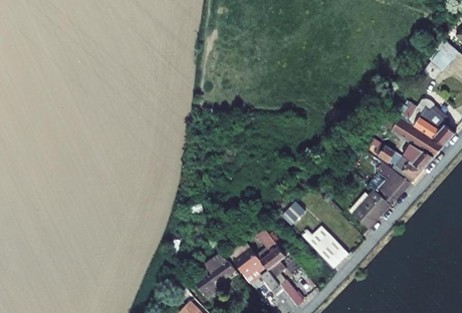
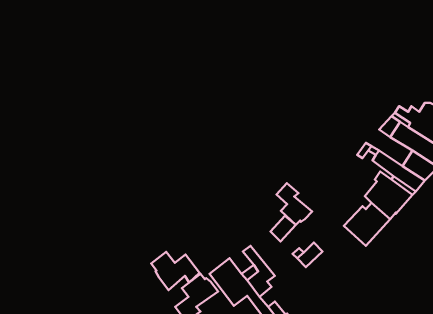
building: none -> [276,183,312,225]
building: [314,234,349,268] -> none
building: none -> [151,252,200,290]

